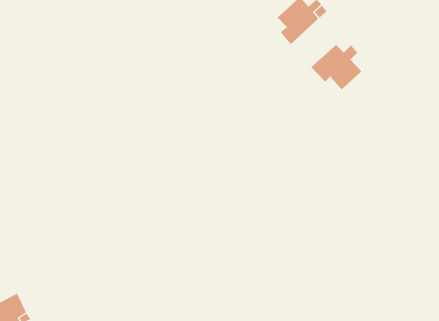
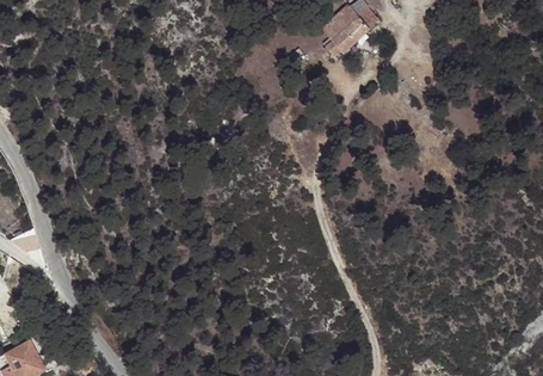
building: [310,44,362,90] -> none

